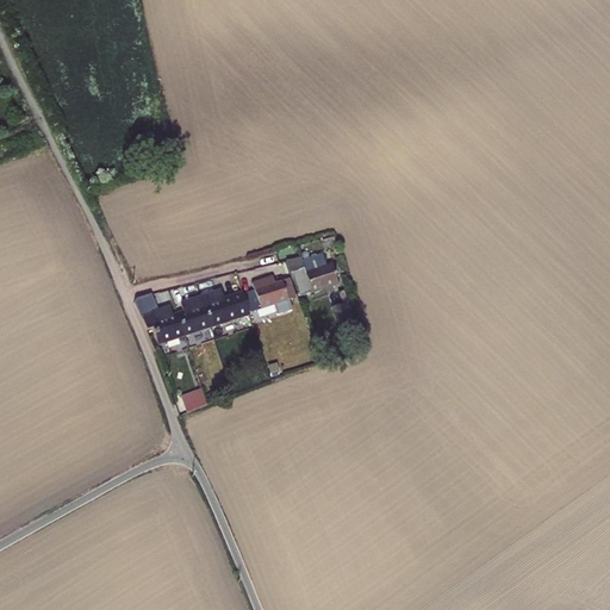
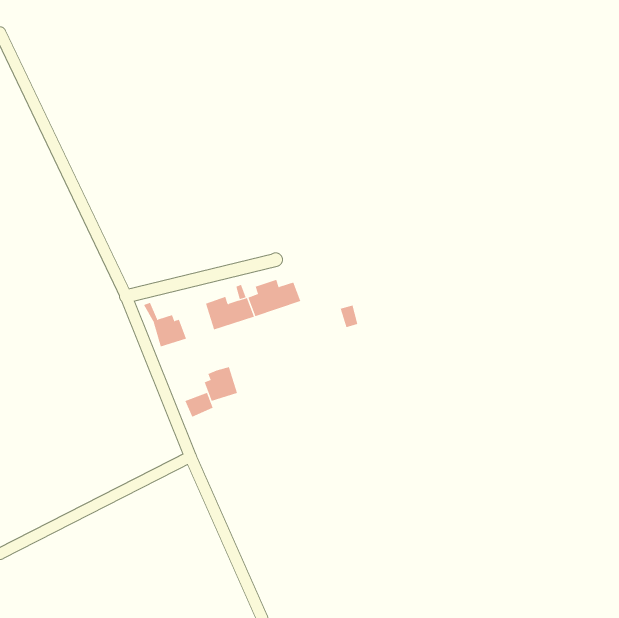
building: [293,257,337,293] -> none
building: [178,298,211,332] -> [204,366,238,402]

